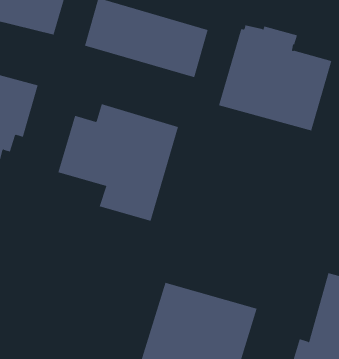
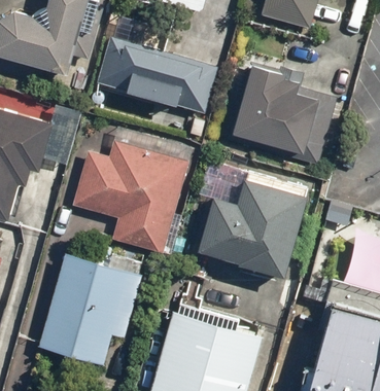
building: none -> [197,164,307,277]
building: none -> [38,254,145,366]

